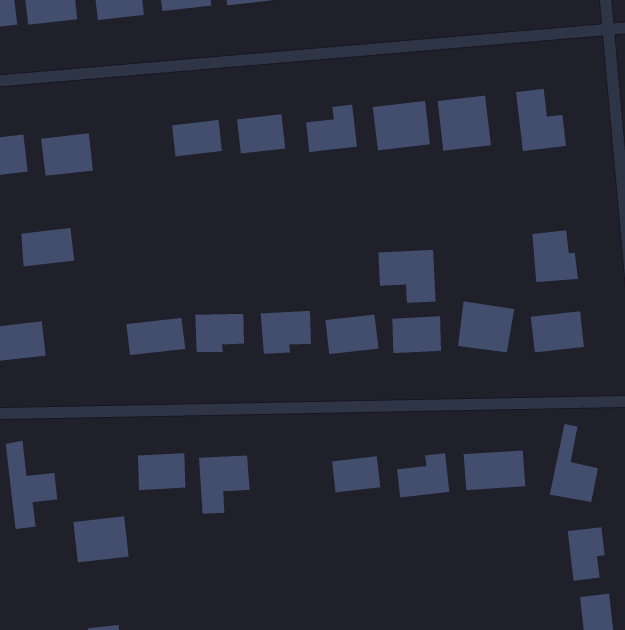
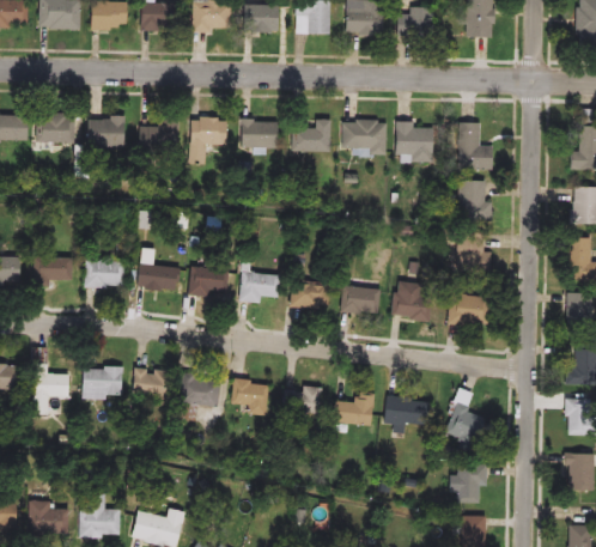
building: none -> [141,116,178,150]
building: none -> [457,181,485,218]
building: [20,227,75,267] -> [84,261,124,287]
building: [378,249,436,304] -> none
building: none -> [231,382,267,415]
building: [72,515,130,563] -> [83,367,123,400]

